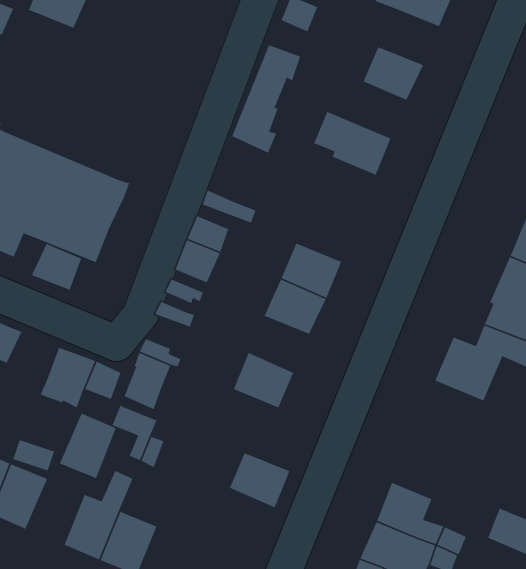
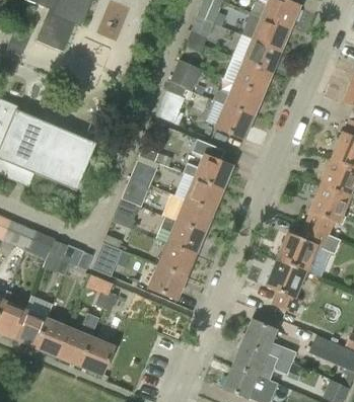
building: none -> [243,39,280,73]
building: none -> [213,83,261,116]
building: none -> [184,140,231,189]
building: [31,243,82,291] -> [23,231,54,259]
building: none -> [166,222,203,255]
building: none -> [266,260,306,316]
building: [59,412,117,479] -> [34,318,69,357]
building: [229,452,290,509] -> [148,265,185,299]

